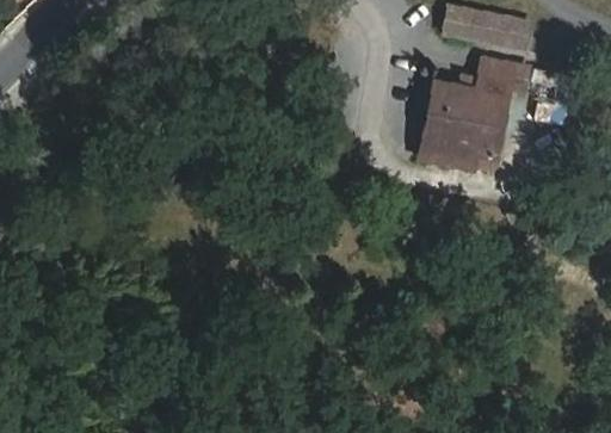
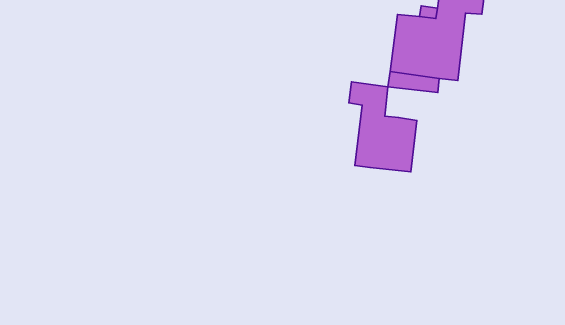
building: none -> [349,82,417,172]

